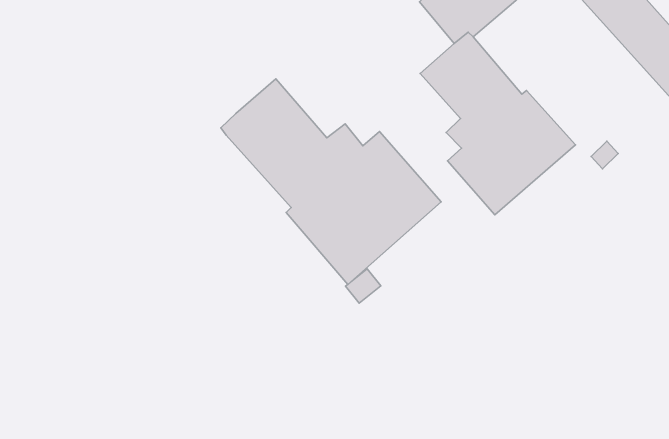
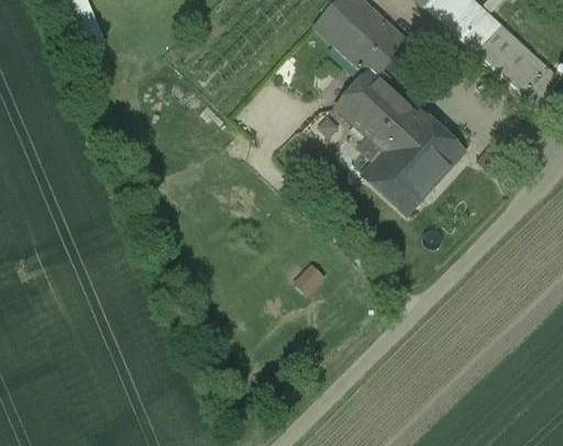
building: [221,79,441,284] -> none

